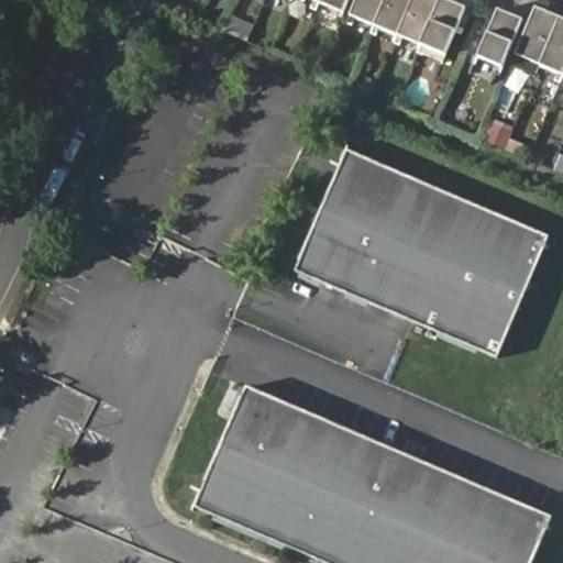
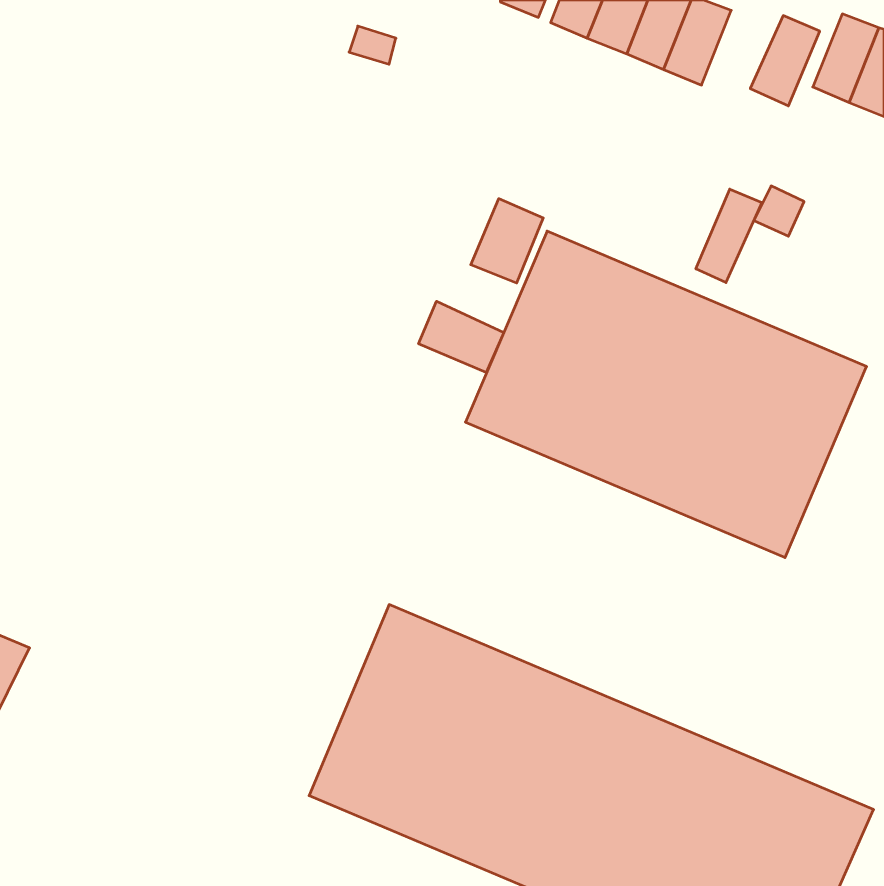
building: none -> [696,189,762,283]
building: none -> [471,199,543,283]
building: none -> [419,301,504,372]

